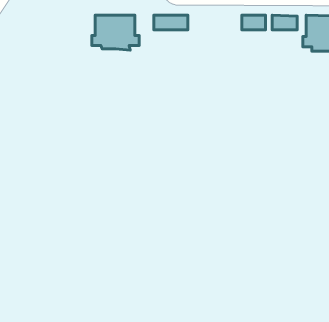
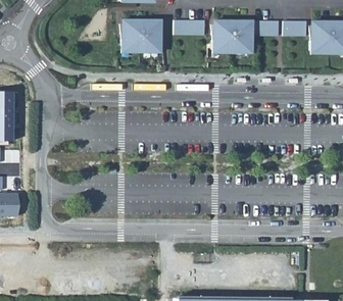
building: none -> [210,20,250,52]

